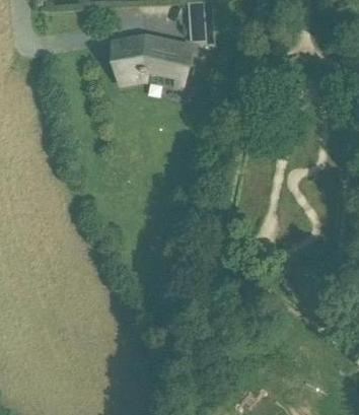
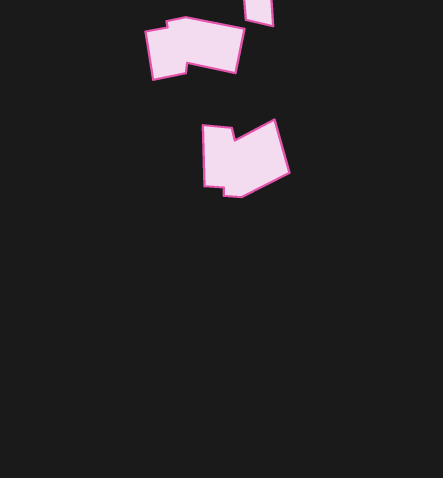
building: none -> [203,119,290,197]

